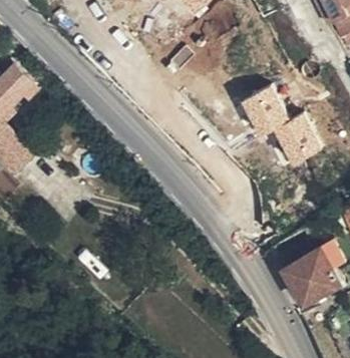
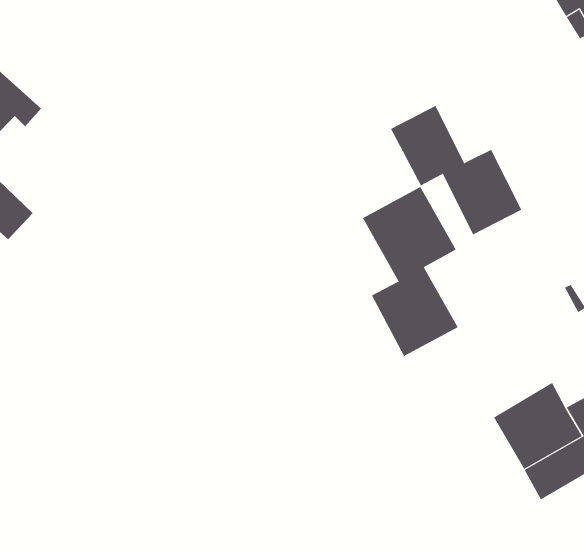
building: none -> [362,186,458,357]

